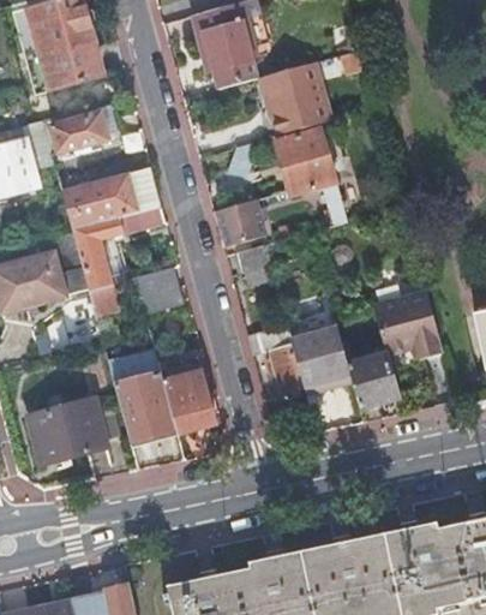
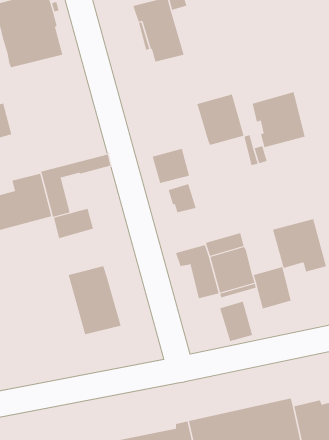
building: [262,64,331,137] -> [252,92,305,148]
building: [50,106,119,155] -> none
building: [61,169,161,232] -> none
building: [134,270,181,315] -> none
building: [160,359,215,432] -> none
building: none -> [219,301,253,342]
building: [29,401,108,466] -> none

